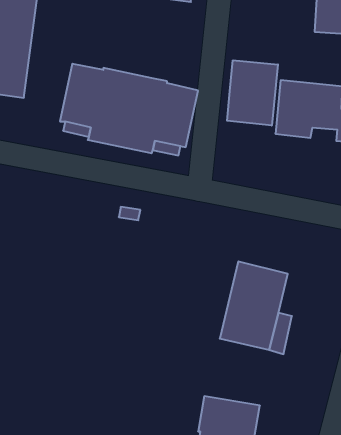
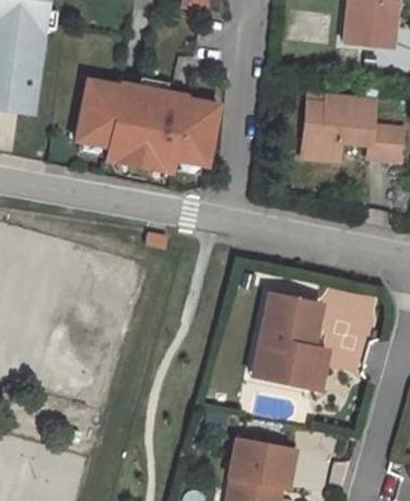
building: [227,60,278,126] -> none

